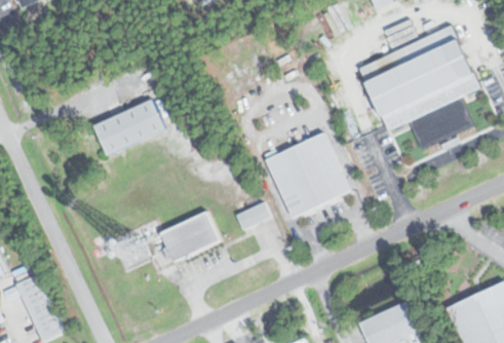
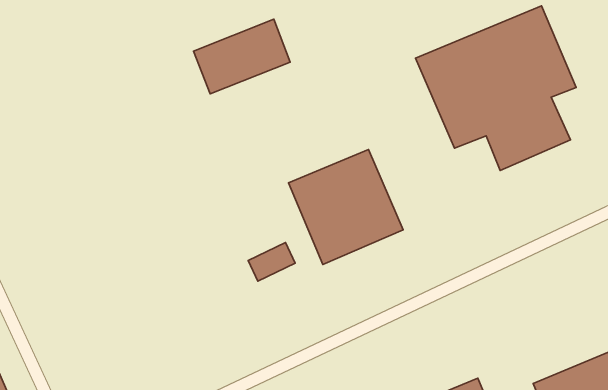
building: [93,99,165,154] -> [194,19,290,94]
building: [160,213,219,261] -> none

